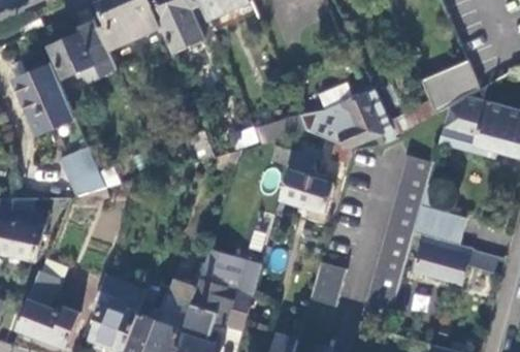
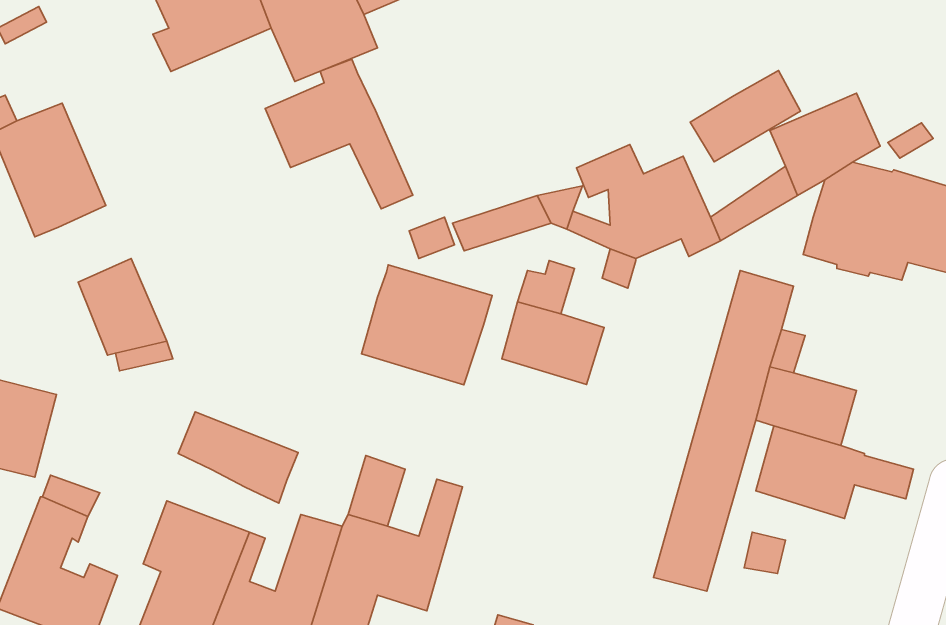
building: [50,22,127,100] -> [265,59,413,209]
building: none -> [690,71,800,162]
building: none -> [362,265,492,385]
building: none -> [178,412,298,503]
building: [310,259,346,305] -> none

